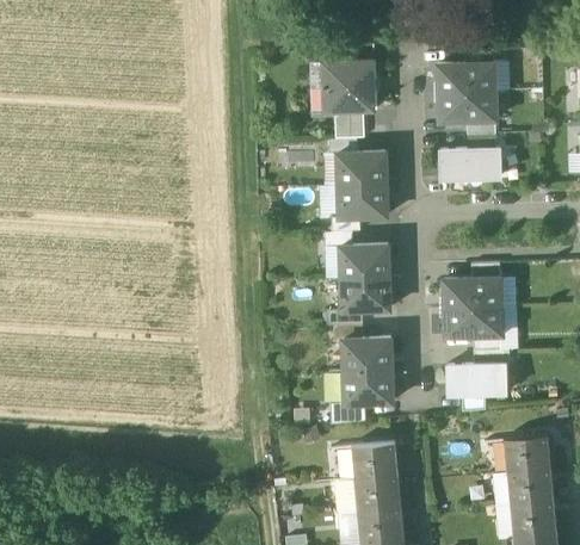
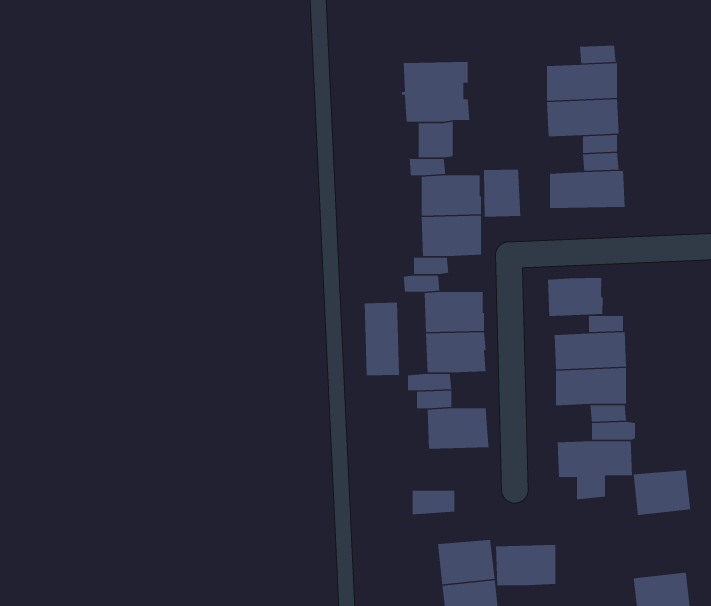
building: none -> [483,169,521,217]
building: none -> [547,277,603,317]
building: none -> [364,302,400,376]
building: [344,371,393,404] -> [495,544,556,586]
building: [504,438,550,475] -> [633,469,691,516]

